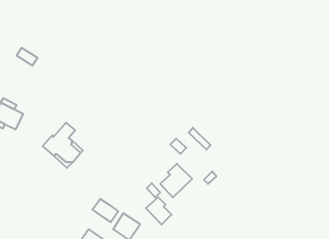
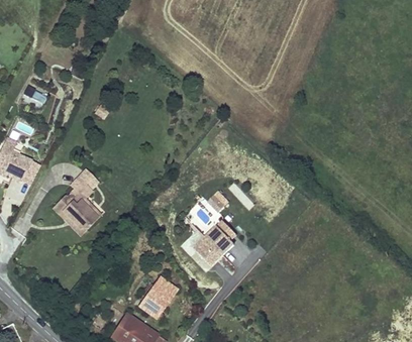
building: [146,197,172,225] -> none
building: [92,199,118,222] -> none

